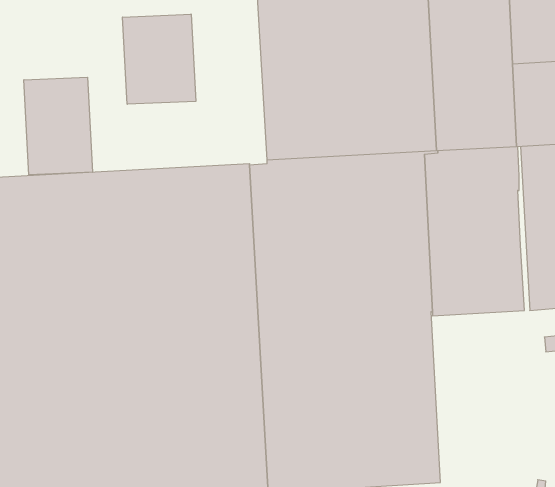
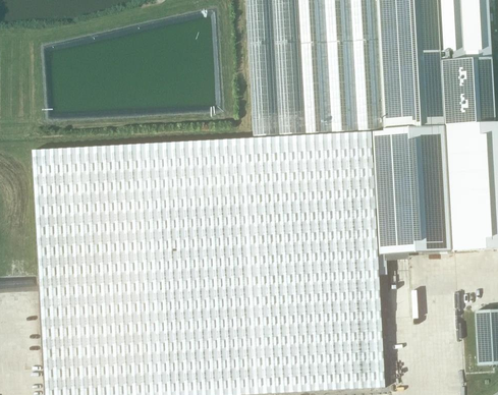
building: [123,14,196,104] -> none
building: [24,77,93,175] -> none

